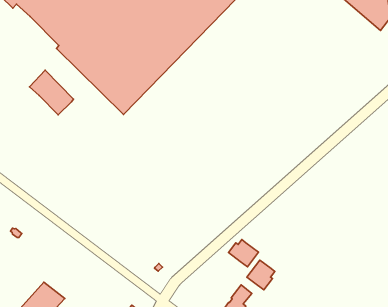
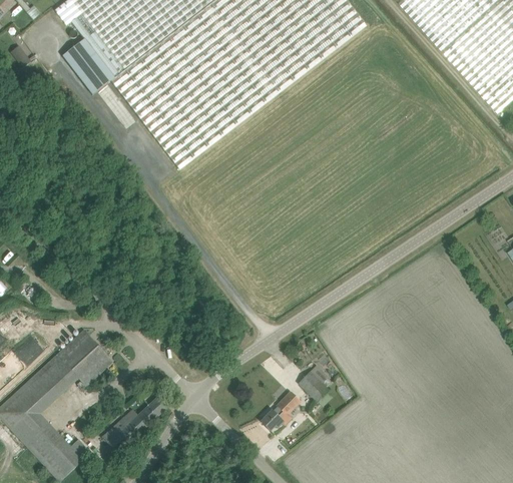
building: [30,70,74,115] -> [63,37,113,92]
building: [229,240,259,267] -> none
building: none -> [56,329,111,384]

